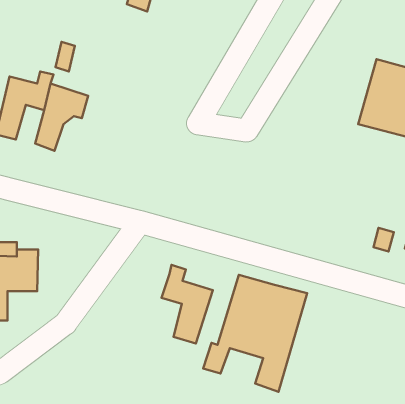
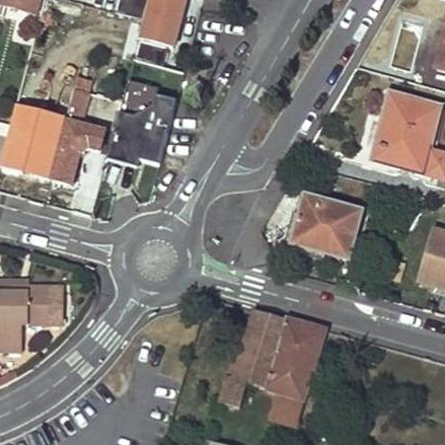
building: none -> [109,81,179,169]
building: none -> [296,194,365,256]
building: [161,265,213,344] -> none

